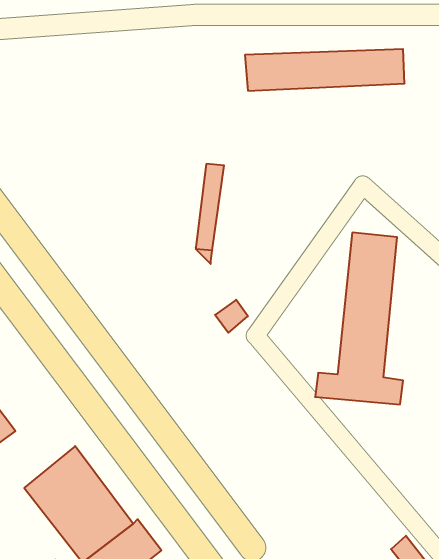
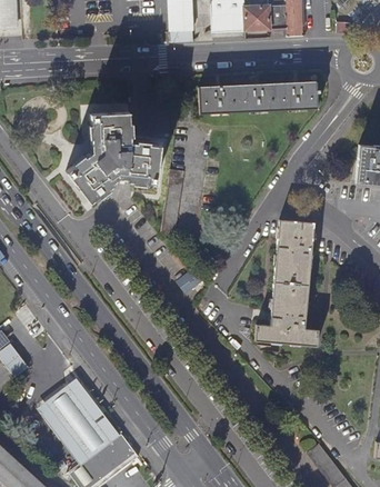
building: none -> [69,113,164,206]

